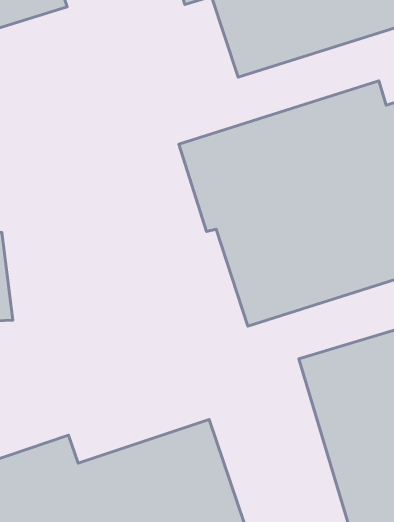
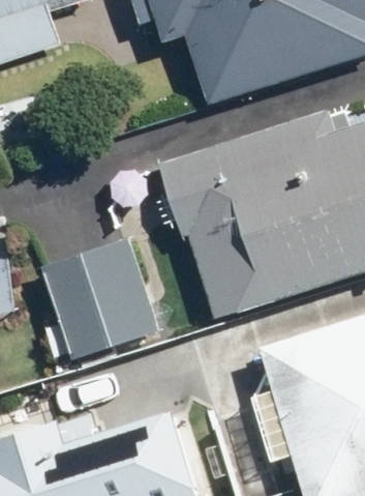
building: none -> [39,237,156,359]

